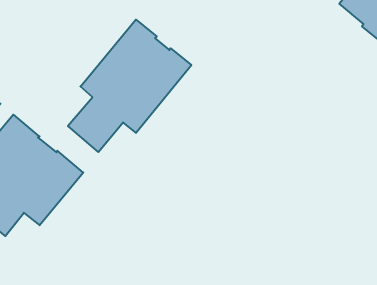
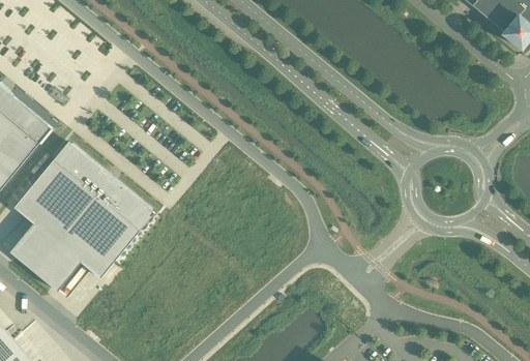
building: [68,20,191,152] -> none

